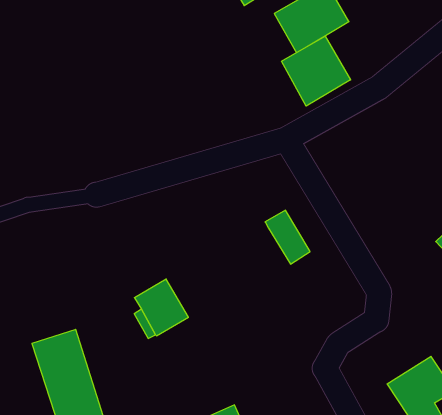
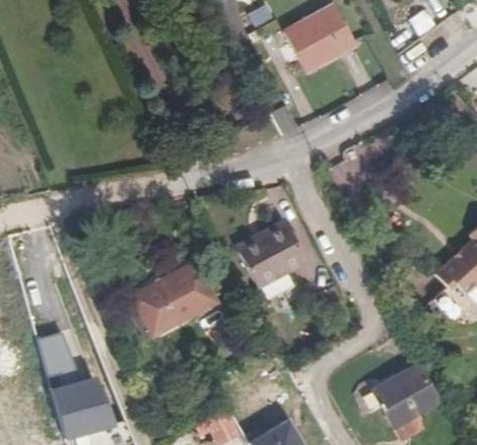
building: [282,36,351,106] -> none
building: none -> [243,237,288,287]
building: none -> [167,260,219,318]

